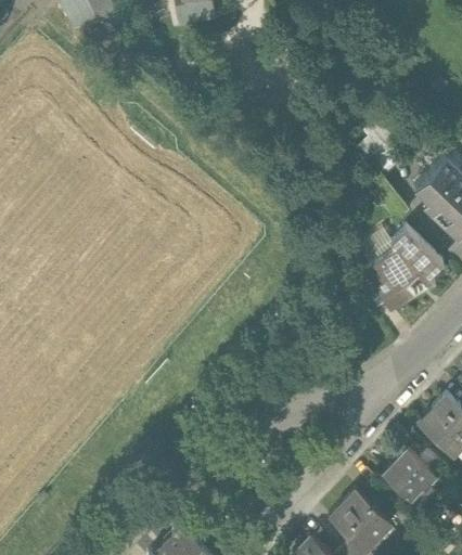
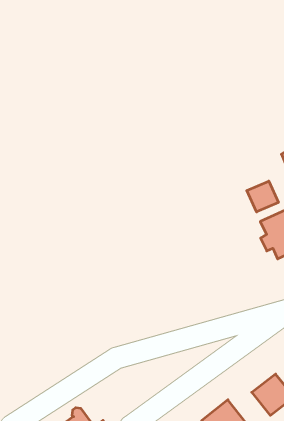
building: none -> [247,181,278,212]

